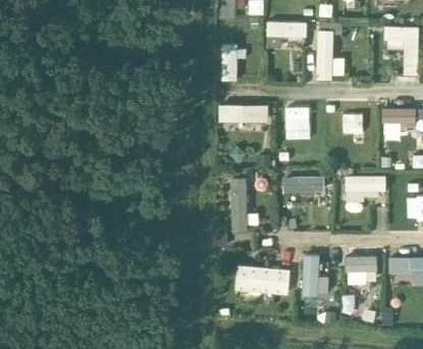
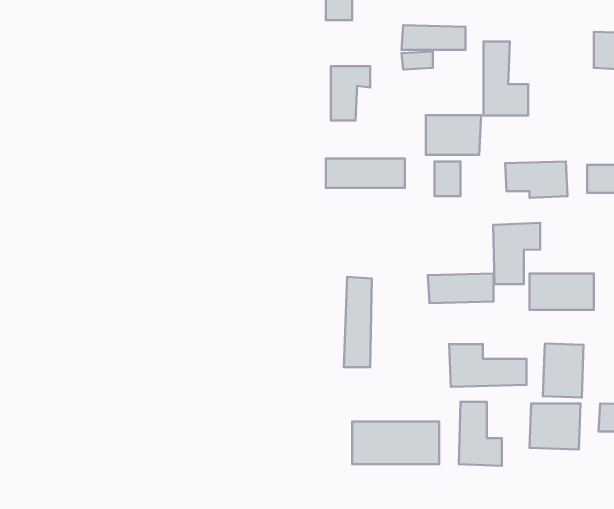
building: none -> [426,115,481,155]
building: none -> [493,223,540,284]
building: none -> [543,344,584,398]
building: none -> [449,344,527,387]

